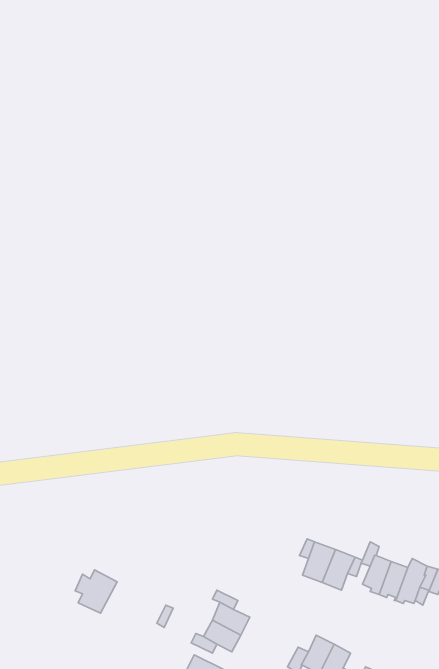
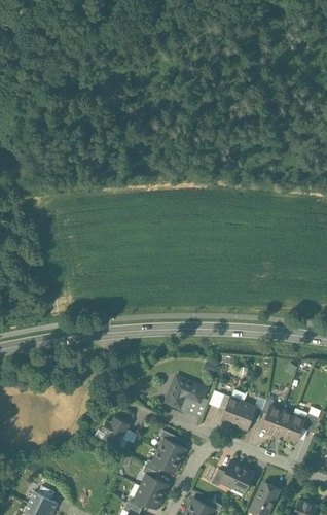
building: none -> [165,377,208,412]
building: [75,570,117,613] -> [100,417,129,447]

